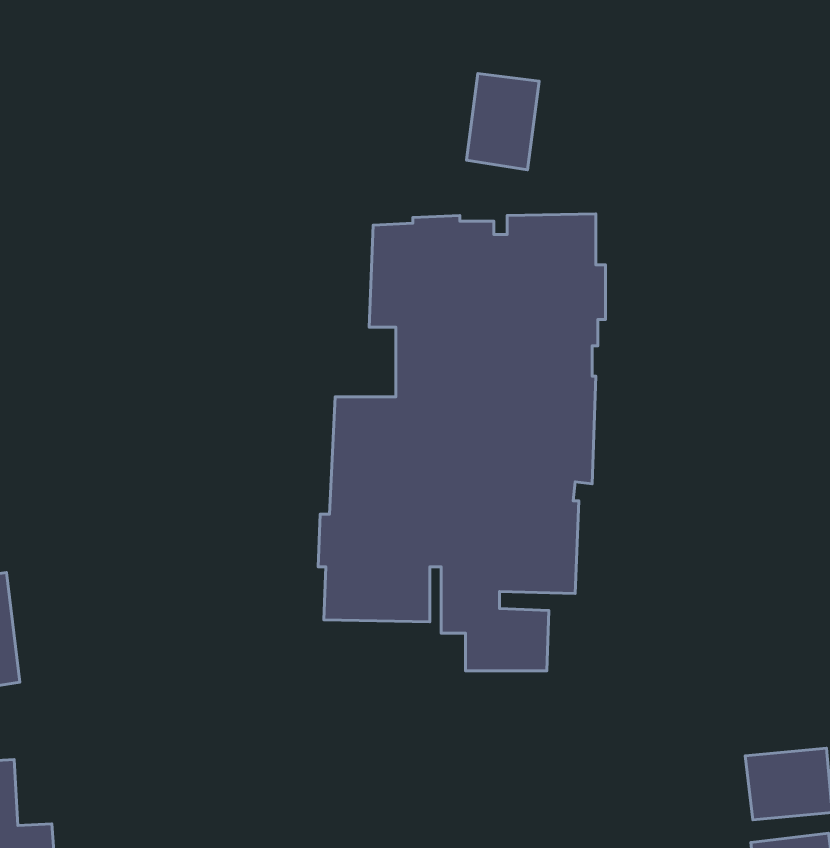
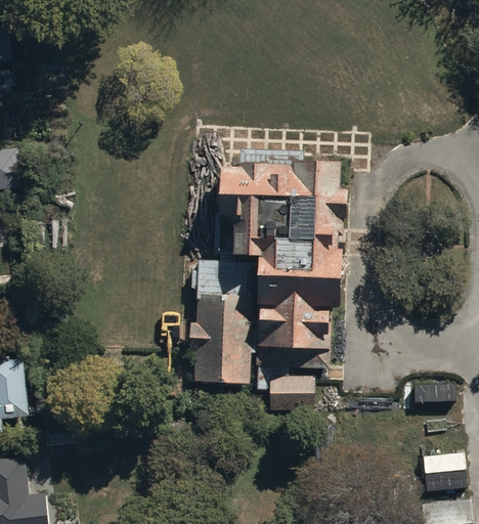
building: [467,74,539,170] -> none

